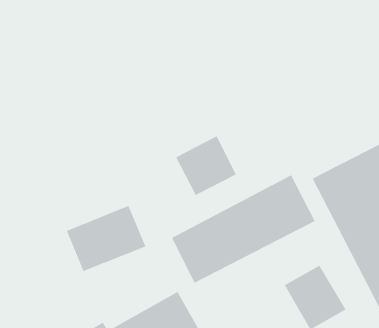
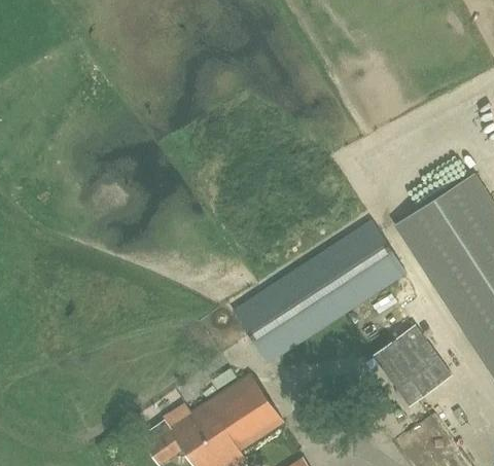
building: [175,135,236,196] -> none
building: [66,205,146,272] -> none

